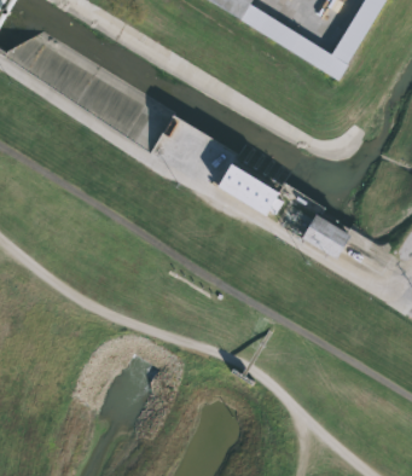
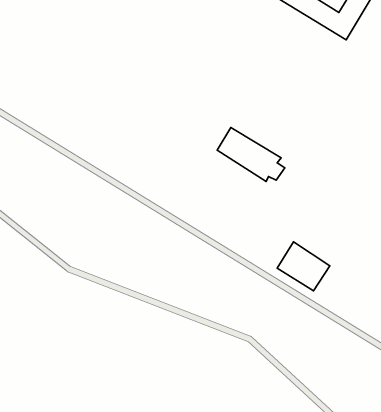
building: [297,213,348,260] -> [277,242,330,291]

